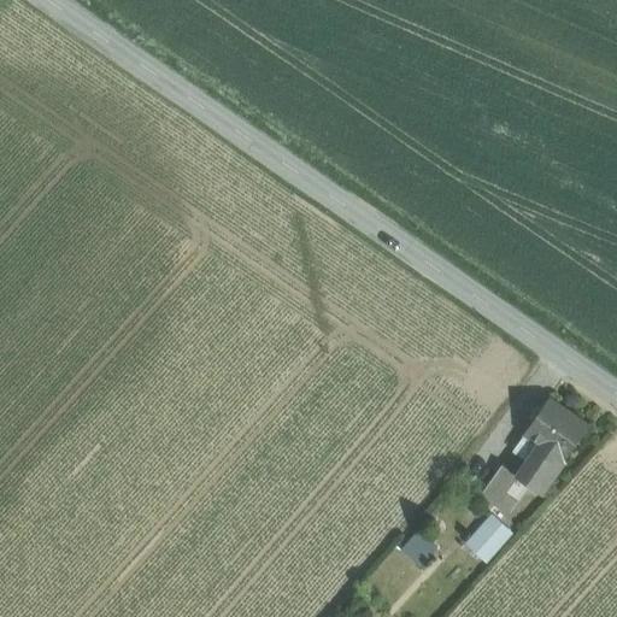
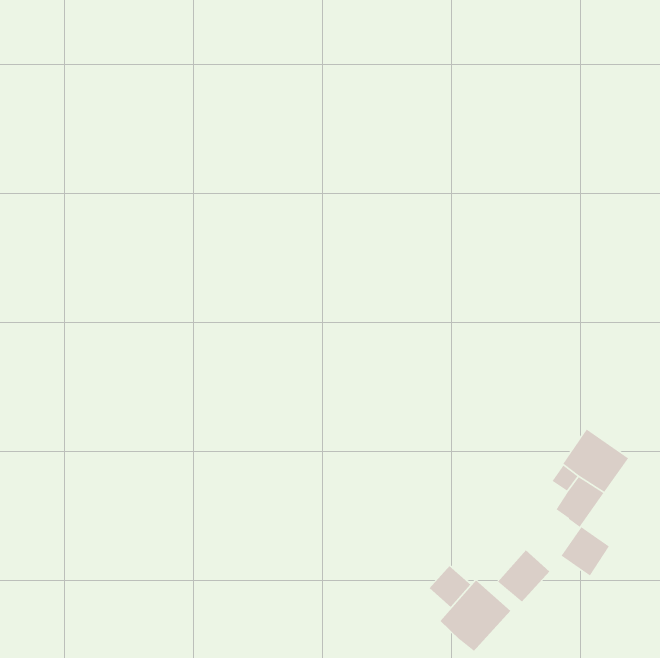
building: [483,465,530,512] -> [560,526,611,576]
building: none -> [439,579,511,653]

